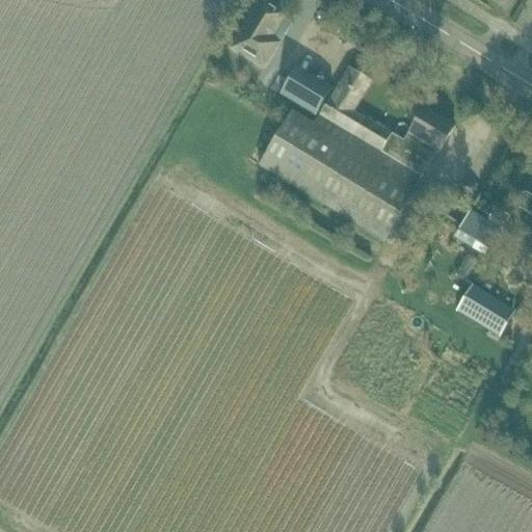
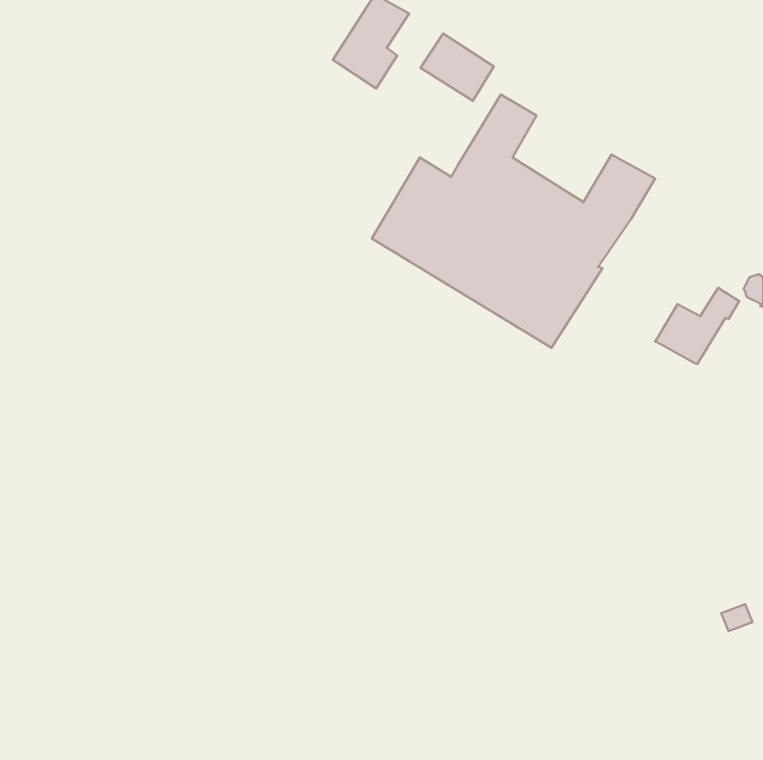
building: [280,65,330,112] -> [421,33,494,101]
building: [456,284,515,336] -> none

